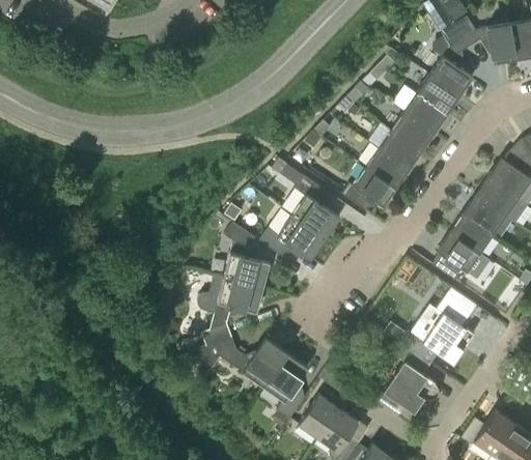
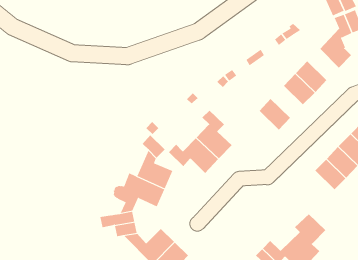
building: [416,76,458,114] -> none
building: [378,131,420,170] -> none
building: [341,168,395,210] -> none
building: [431,232,490,280] -> none

